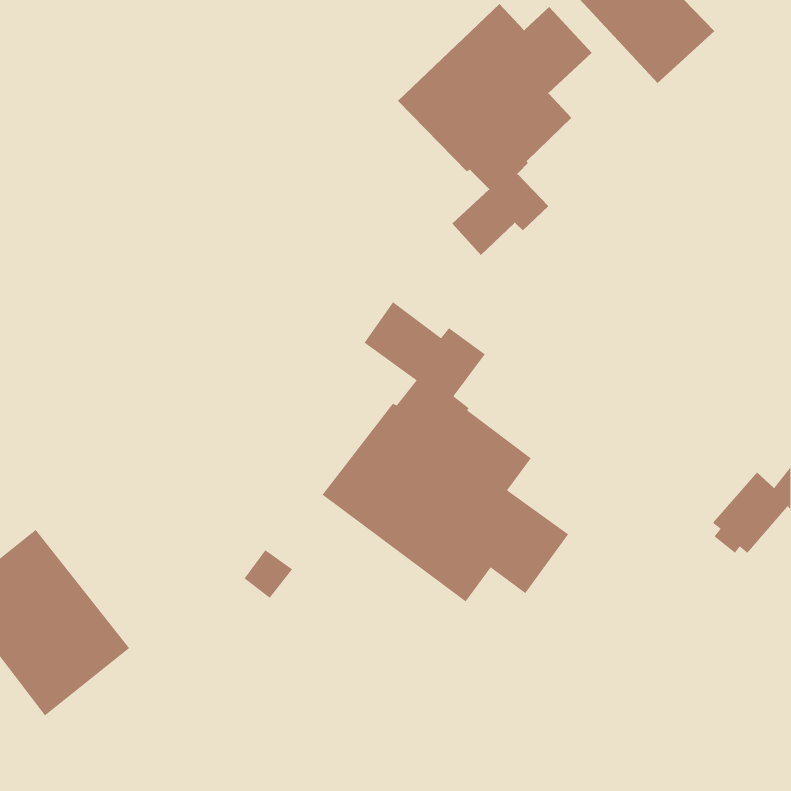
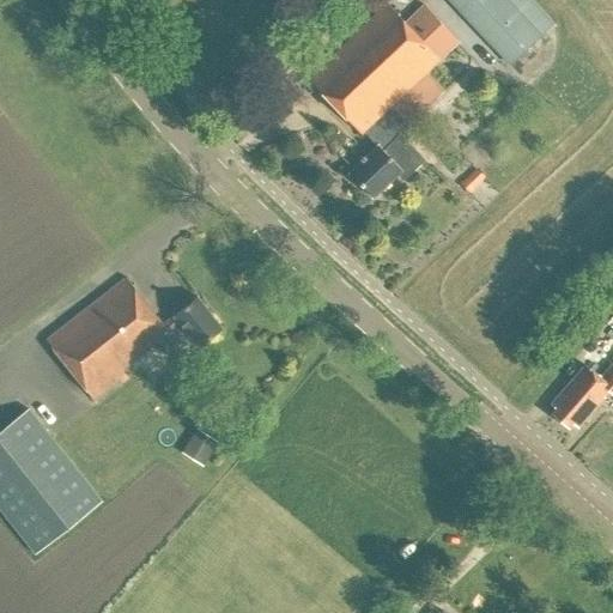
building: [322,301,569,602] -> none
building: none -> [45,278,221,402]

